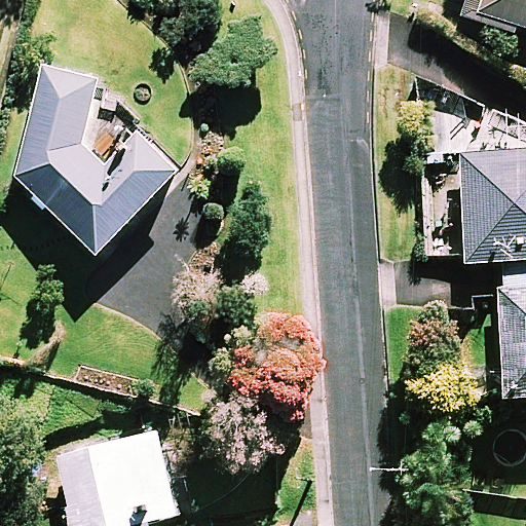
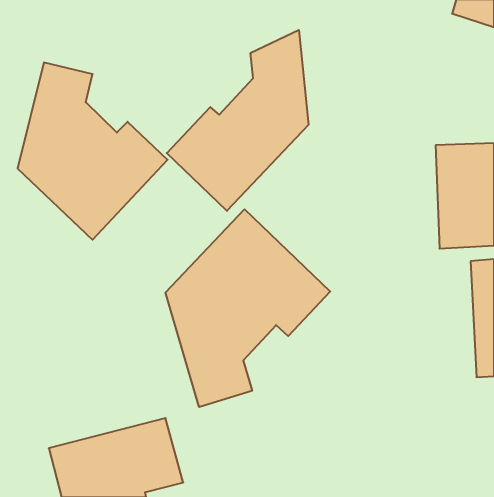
building: none -> [167,30,309,211]
building: none -> [166,209,330,407]

